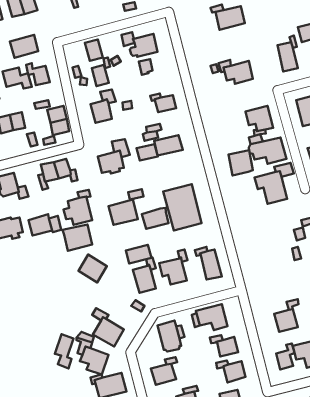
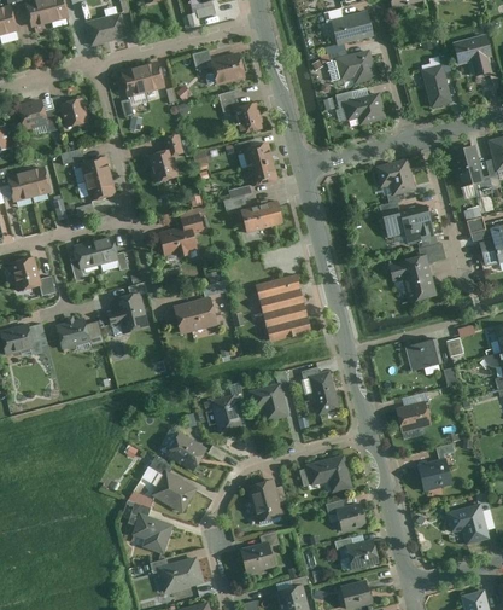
building: none -> [335,50,378,83]
building: [10,35,38,58] -> [83,12,125,46]
building: [92,65,109,86] -> [119,65,145,97]
building: none -> [230,101,263,134]
building: [136,144,158,161] -> [246,162,277,186]
building: [228,150,253,176] -> none
building: [142,208,169,229] -> none
building: [63,225,92,251] -> none
building: none -> [405,341,440,373]
building: [126,245,151,263] -> none
building: [78,255,107,282] -> [164,432,206,474]
building: none -> [396,401,432,434]
building: [55,334,73,369] -> none
building: [276,343,294,369] -> none

